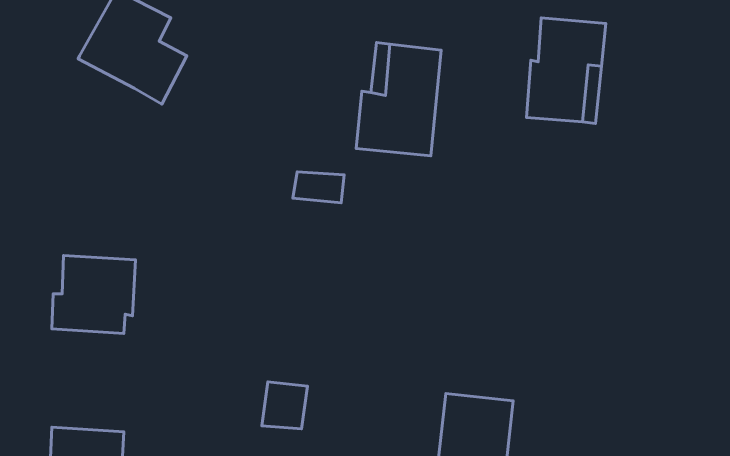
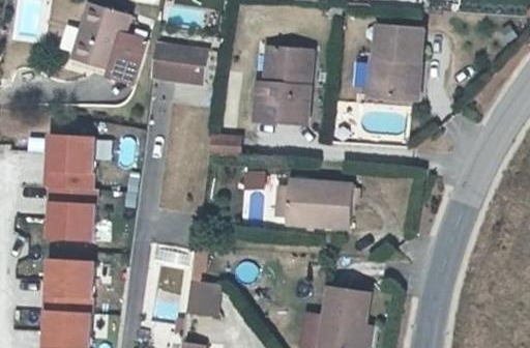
building: none -> [152,39,210,80]
building: none -> [38,138,97,193]
building: none -> [286,187,351,238]
building: none -> [37,259,96,313]

